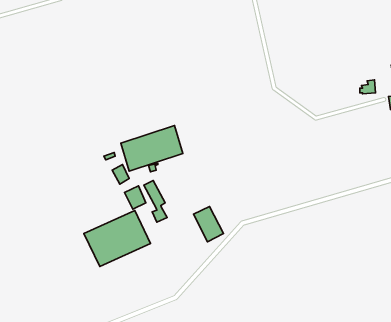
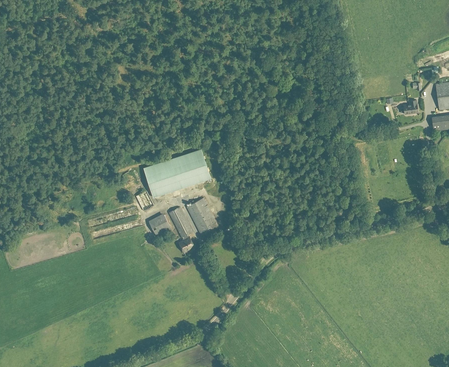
building: [194,207,223,242] -> [186,198,218,236]
building: [84,210,150,266] -> none

